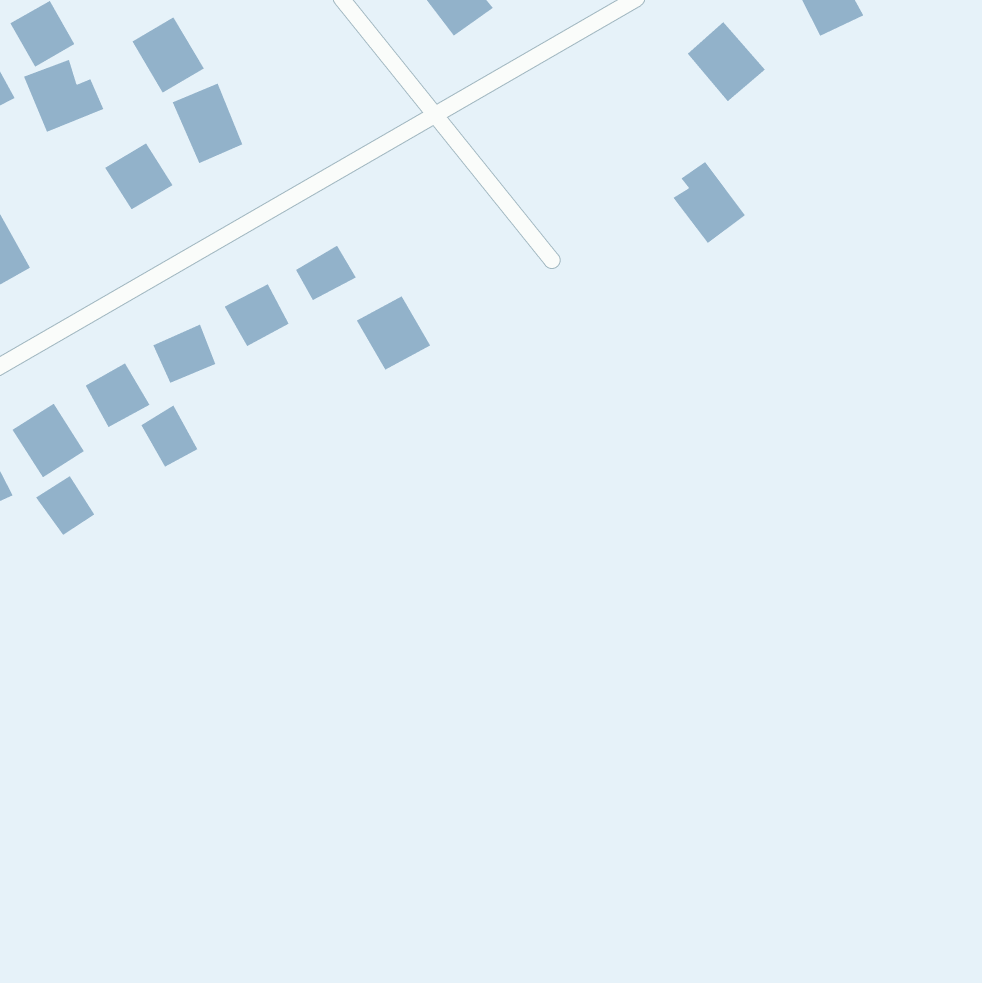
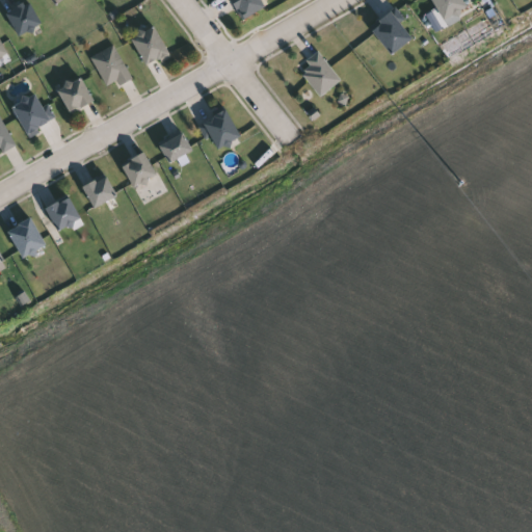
building: [131,16,205,94] -> [130,25,169,66]
building: [23,59,104,132] -> [12,95,56,134]
building: [673,161,746,244] -> [302,51,342,96]
building: [356,295,431,371] -> [201,109,241,150]
building: [141,405,198,467] -> none
building: [35,475,95,536] -> none

